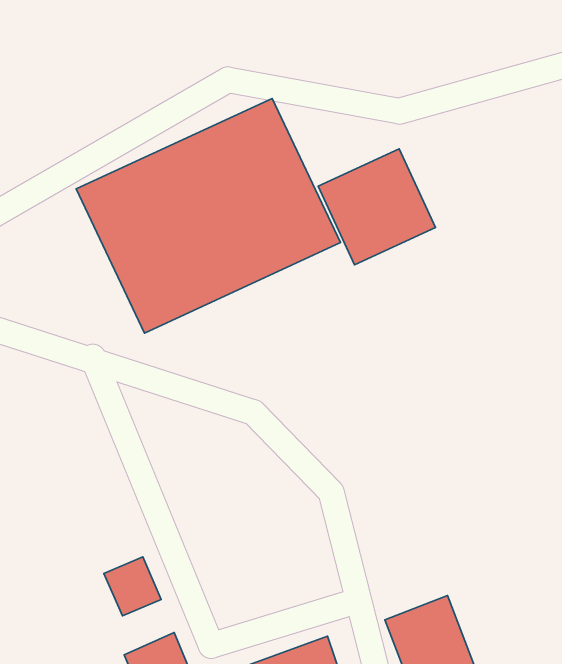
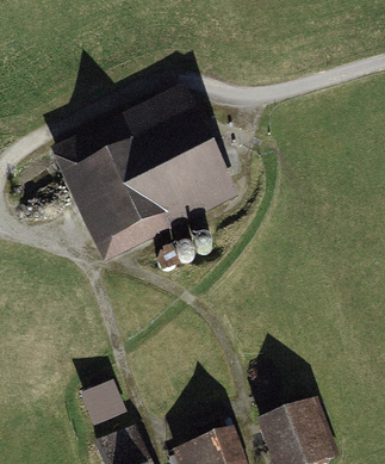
building: [318,149,436,265] -> none

